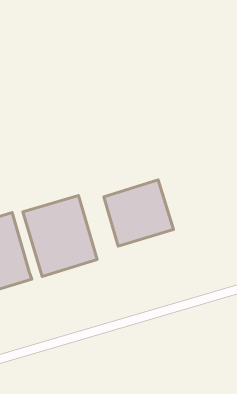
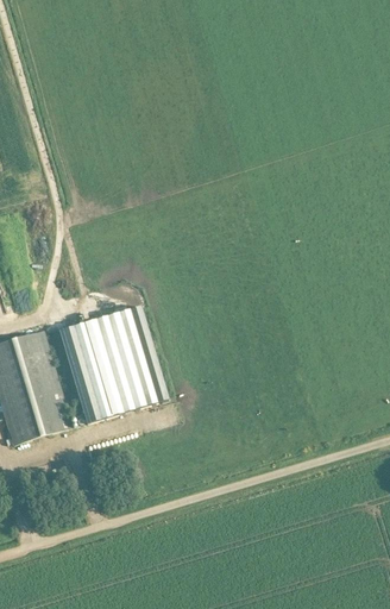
building: [104,180,174,246] -> none

